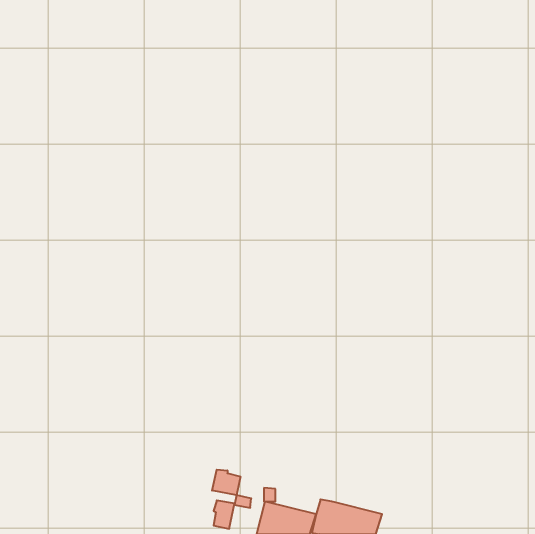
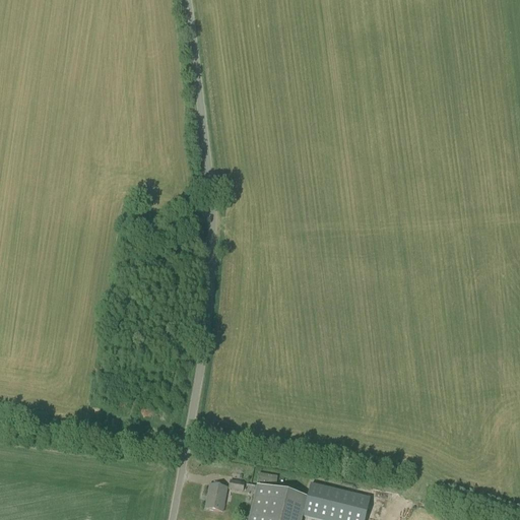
building: [212,470,240,495] -> none

